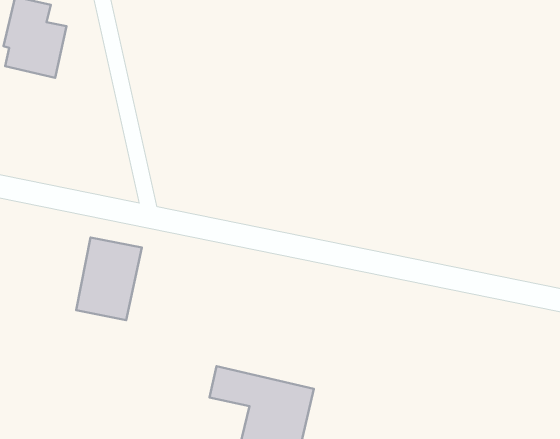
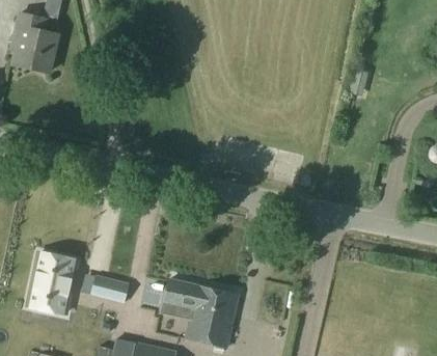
building: [76,237,142,320] -> [29,253,77,313]
building: none -> [92,276,130,303]

